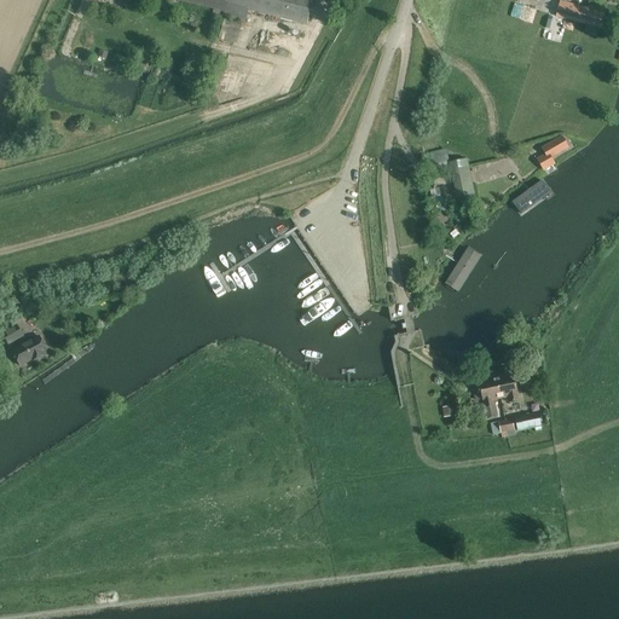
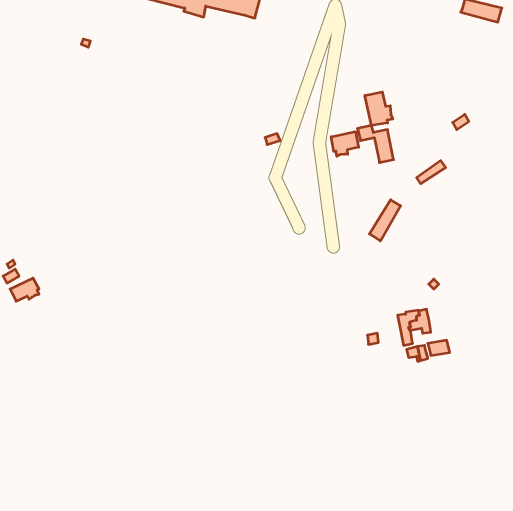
building: none -> [365,92,393,125]
building: none -> [331,132,359,156]

